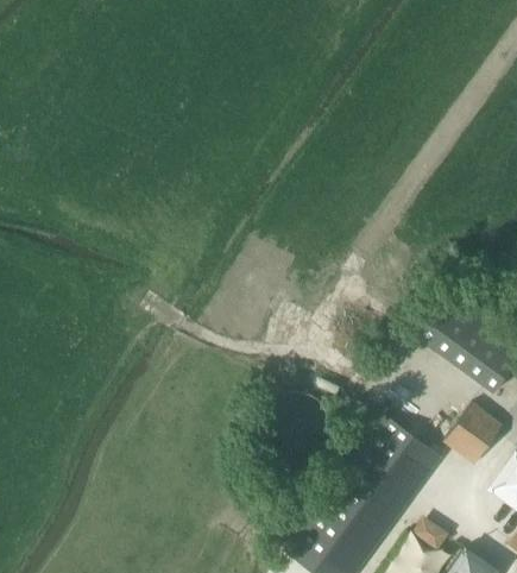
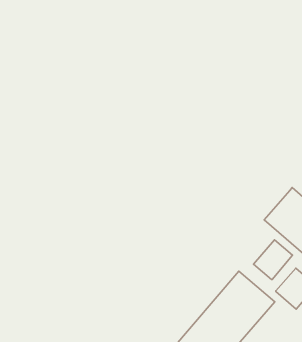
building: none -> [253,240,293,280]

